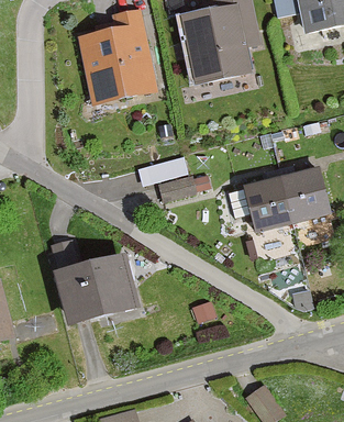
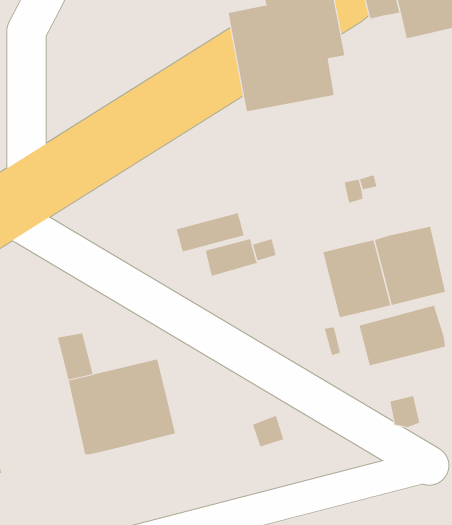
building: [76,8,158,104] -> none
building: none -> [359,305,445,366]

